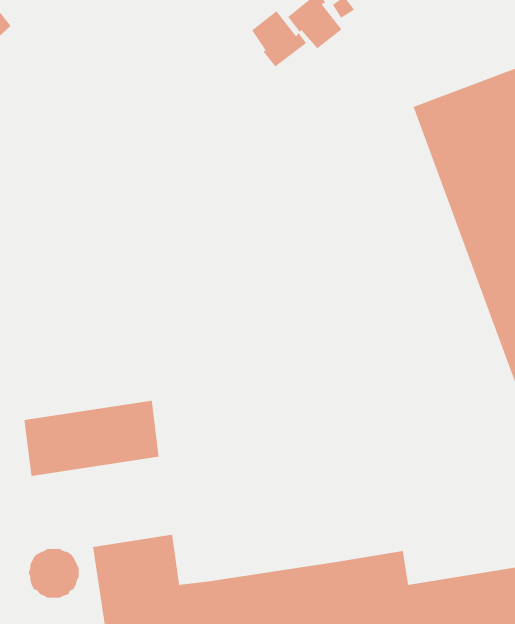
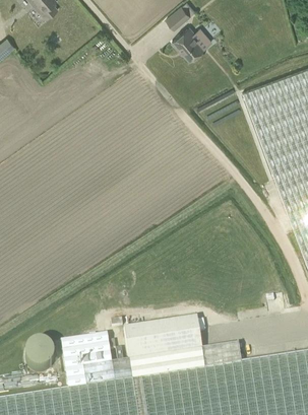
building: [251,10,307,67] -> none
building: [24,400,160,477] -> [124,319,201,362]

